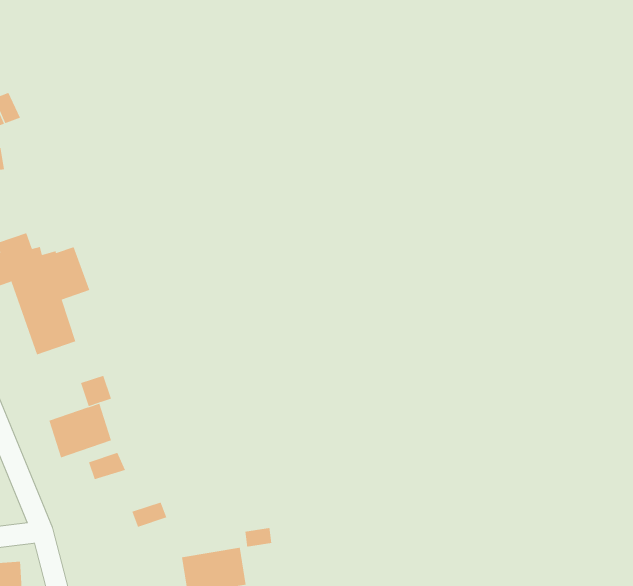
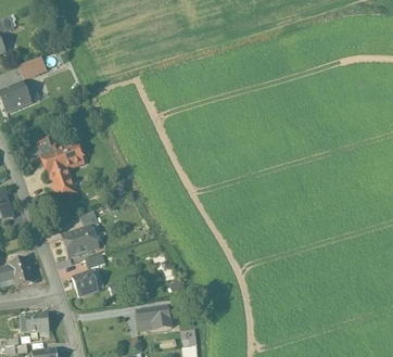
building: none -> [72,269,99,295]

